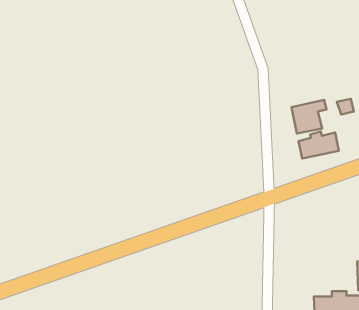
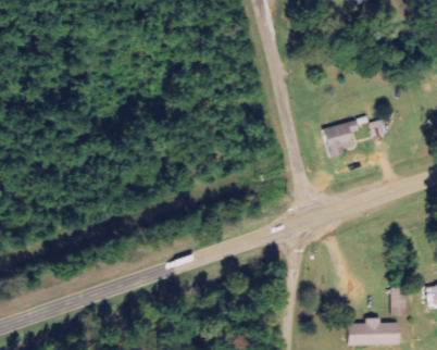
building: [299,132,339,159] -> none

